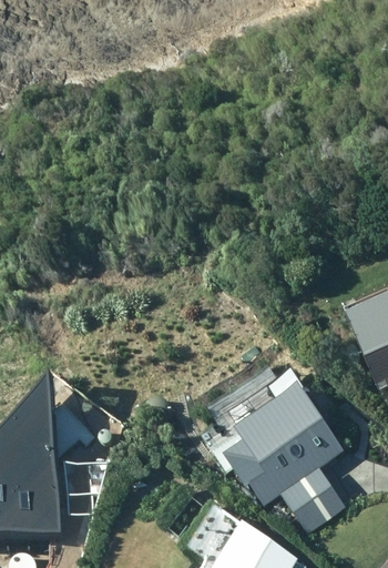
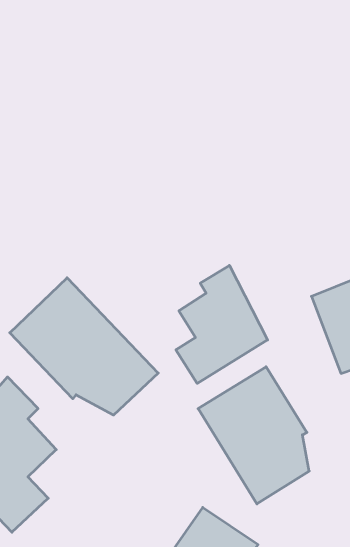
building: none -> [176,265,268,383]
building: none -> [10,278,158,415]

